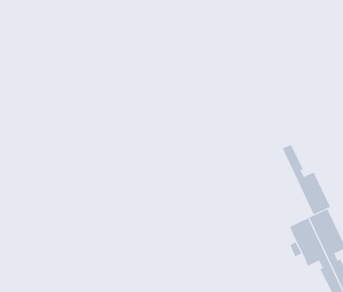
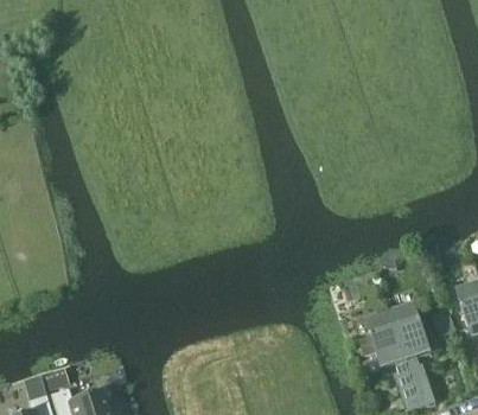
building: [282,144,331,215] -> none

